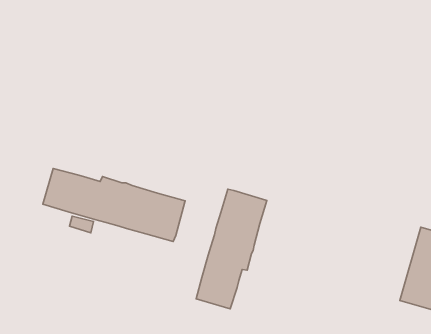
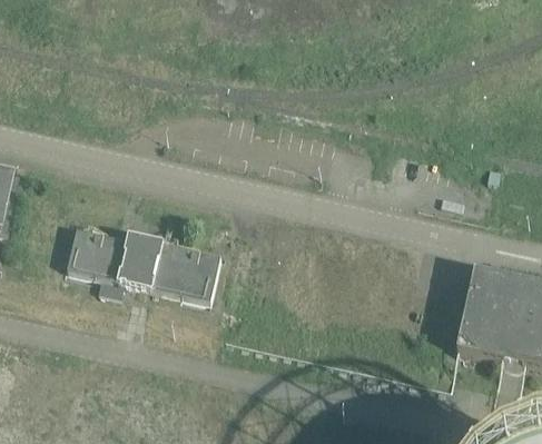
building: [196,189,267,309] -> none

